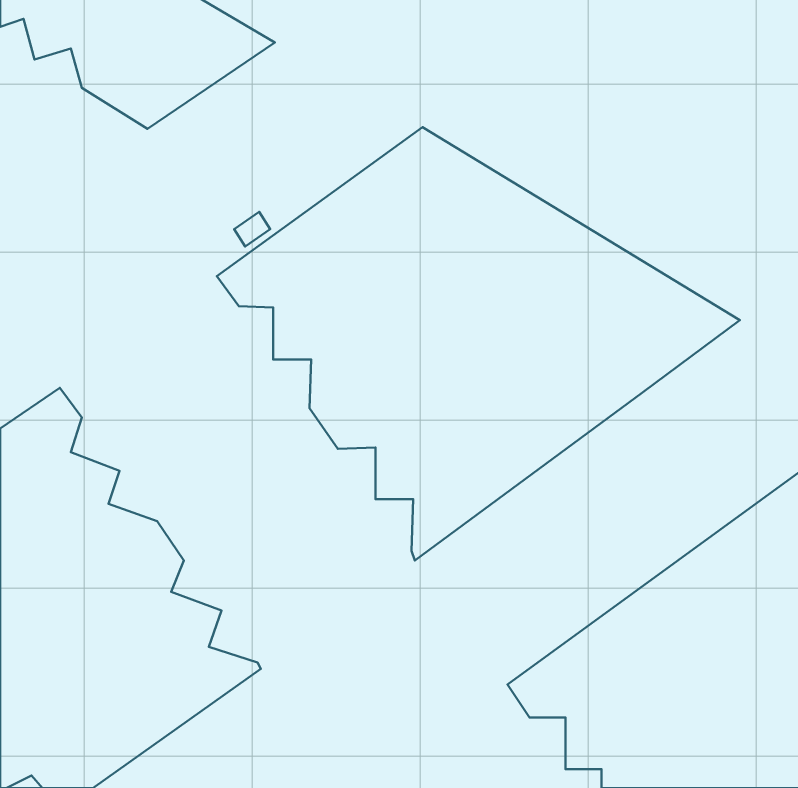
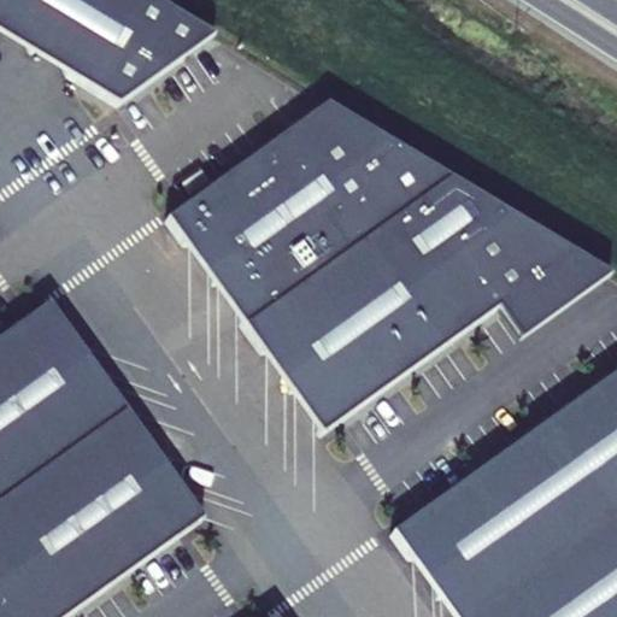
building: none -> [496,246,611,334]

